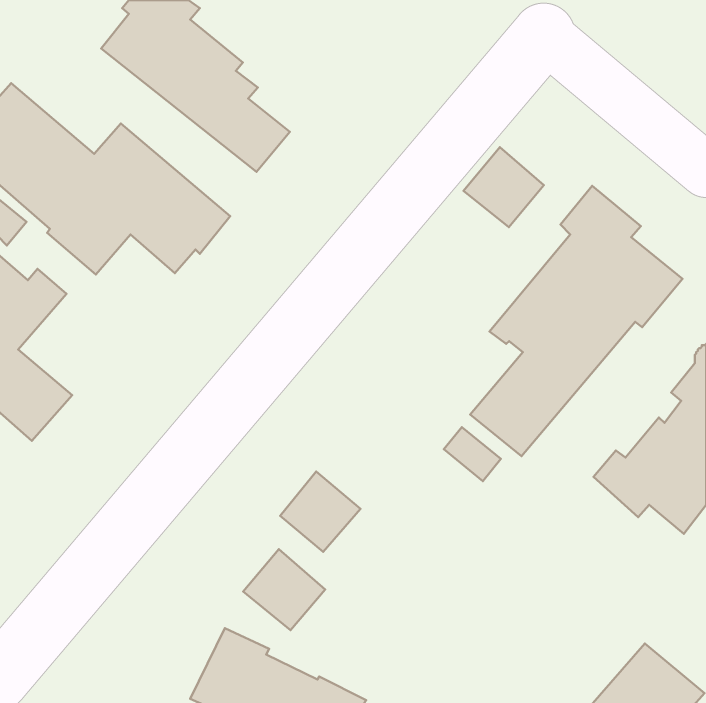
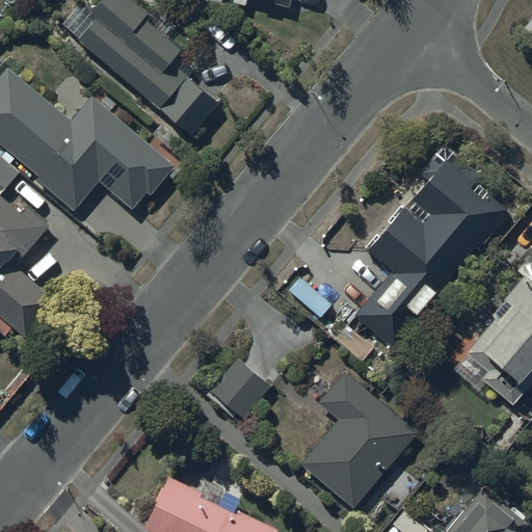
building: [464,147,544,227] -> none
building: none -> [300,370,418,508]
building: [243,549,325,630] -> none

